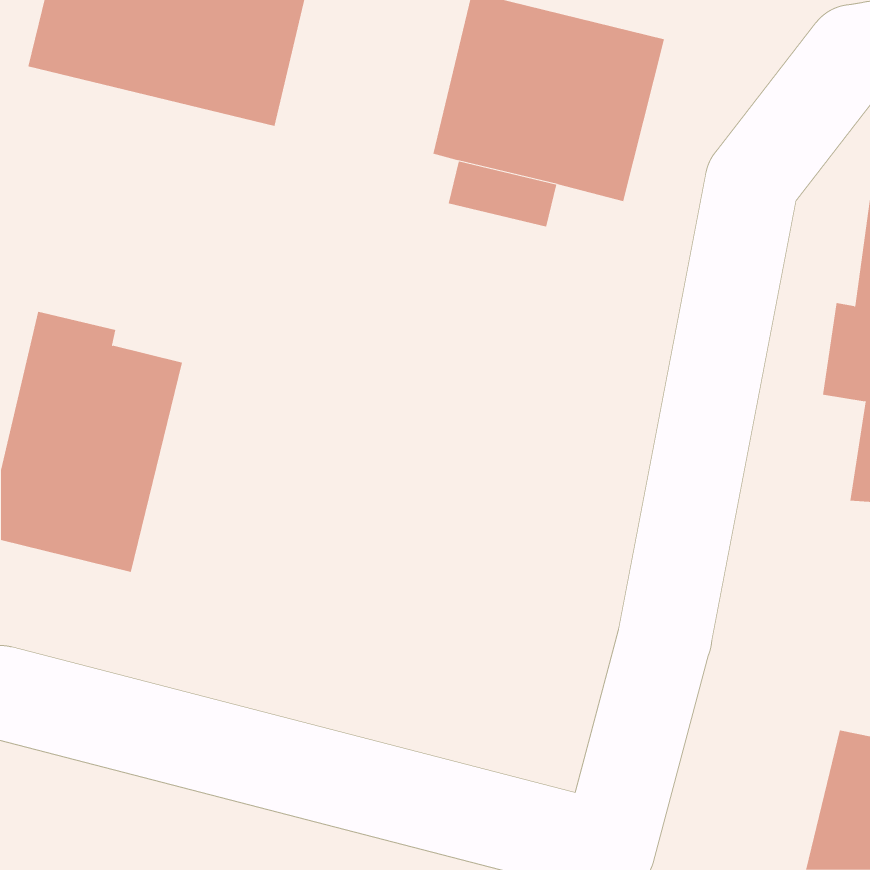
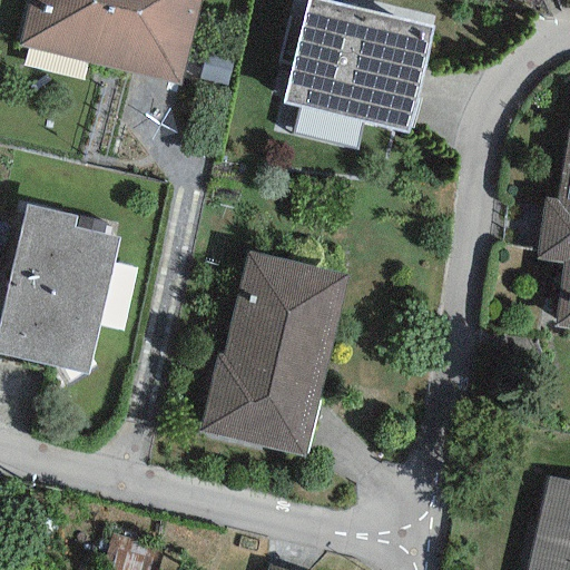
building: none -> [199,250,348,455]

